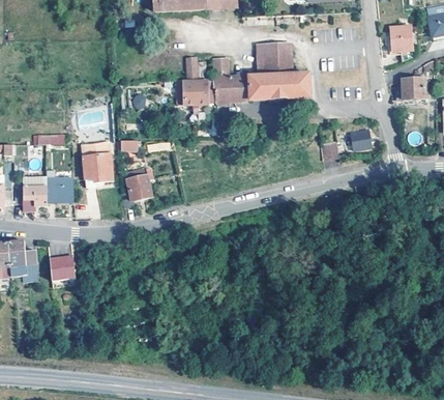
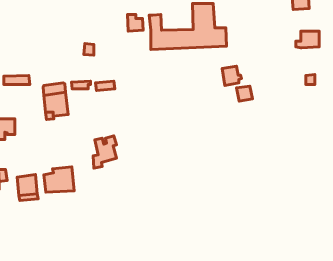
building: [176,79,213,105] -> none
building: [350,125,374,149] -> [222,66,241,85]
building: [123,168,152,208] -> [93,136,116,168]
building: [47,178,75,202] -> none
building: none -> [44,167,74,192]

